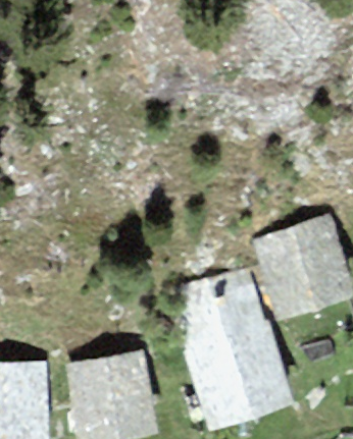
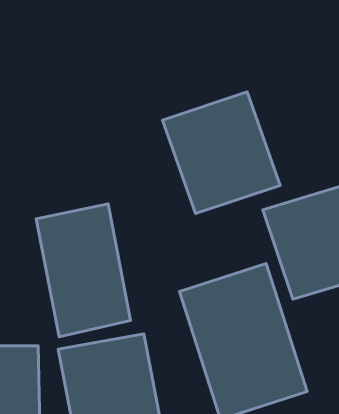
building: none -> [162,92,280,214]
building: none -> [36,204,131,337]

